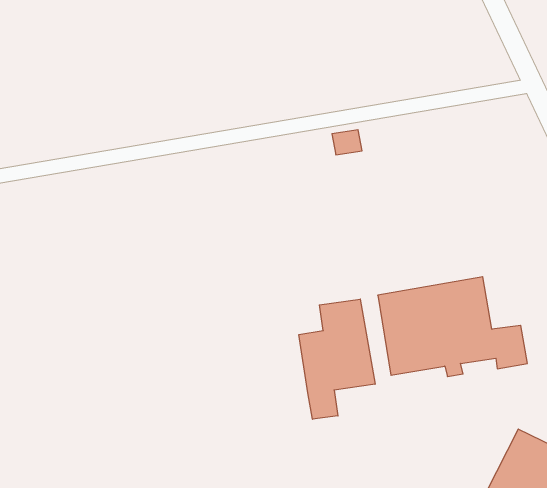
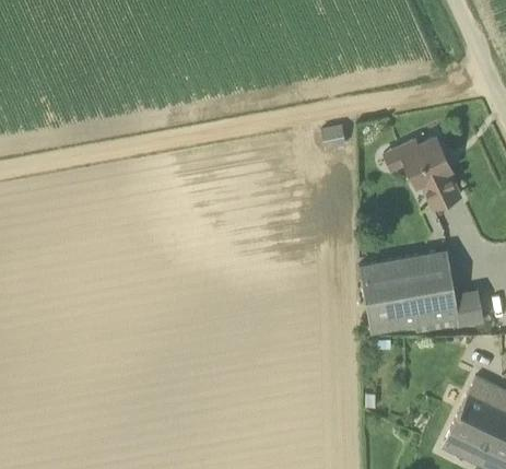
building: none -> [384,138,461,211]
building: [299,299,375,419] -> none

